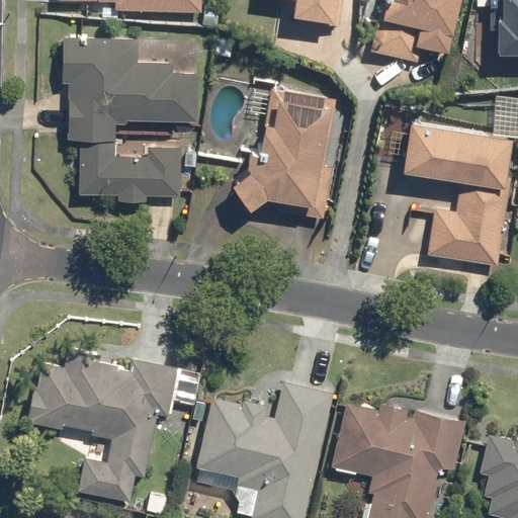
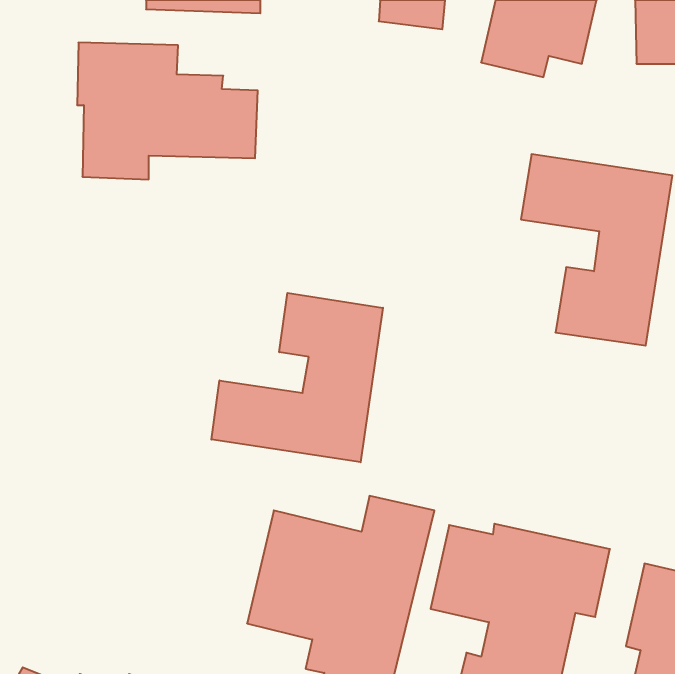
building: [228,88,336,220] -> none
building: [78,144,182,203] -> none
building: none -> [211,293,383,462]
building: [24,348,180,503] -> none

